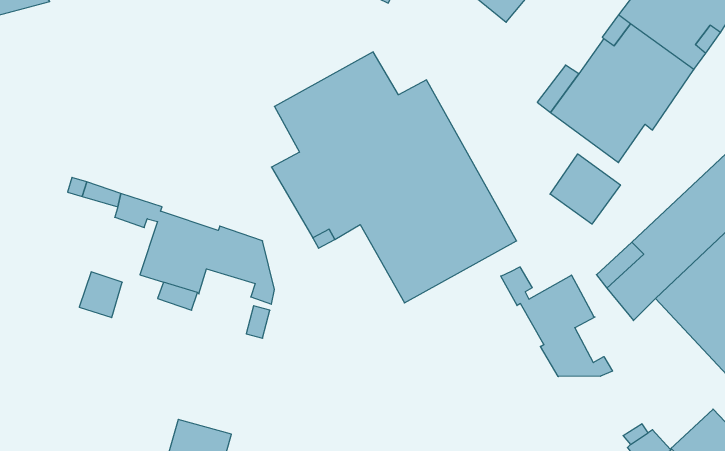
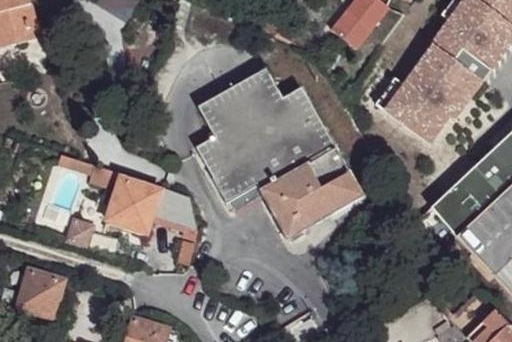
building: [550,154,620,224] -> none
building: [501,267,613,377] -> none
building: none -> [18,268,65,317]

